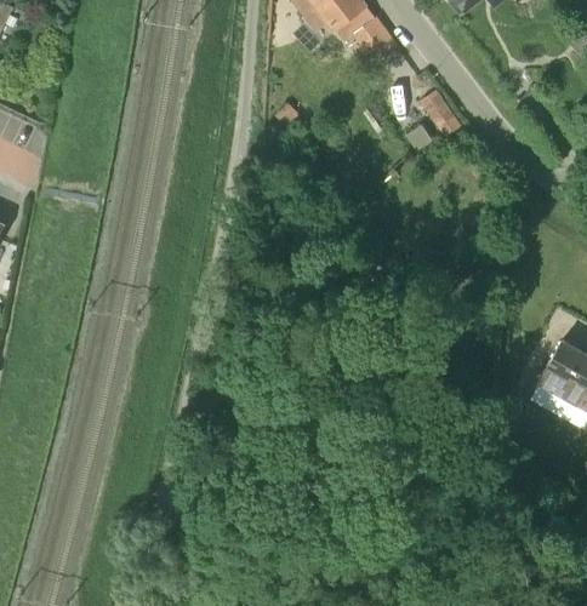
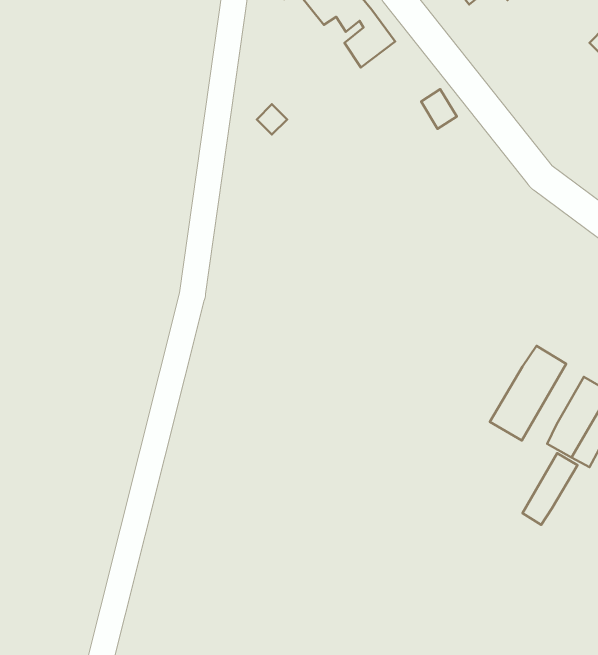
building: none -> [490,346,566,440]
building: none -> [522,453,578,525]

